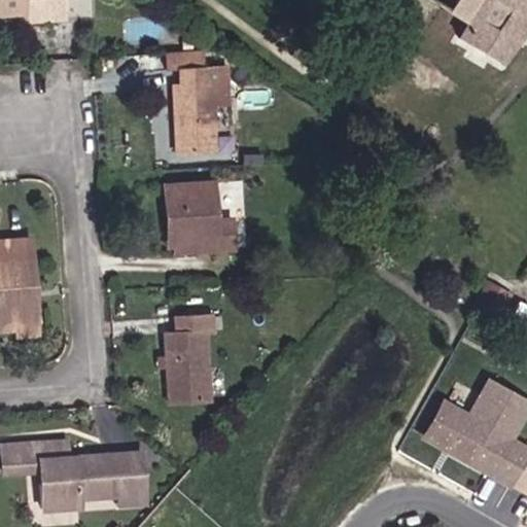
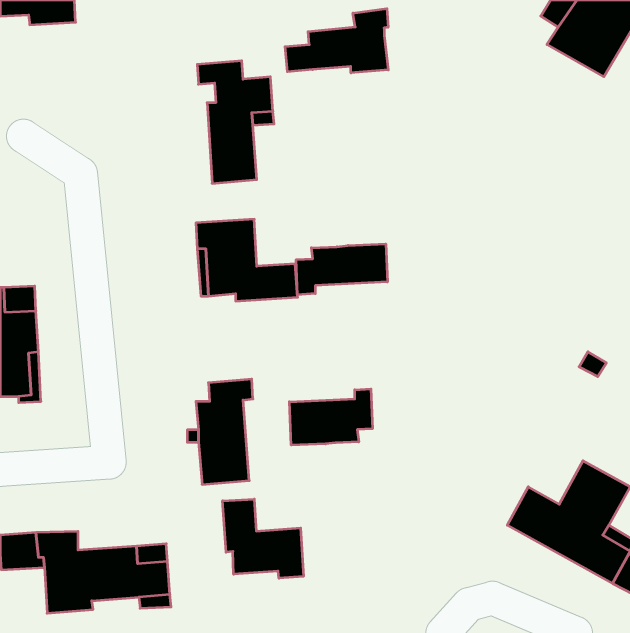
building: none -> [285,9,388,73]
building: none -> [296,244,387,295]
building: none -> [289,389,372,445]
building: none -> [223,499,303,578]

